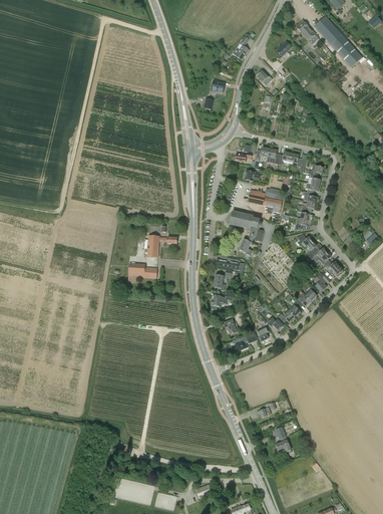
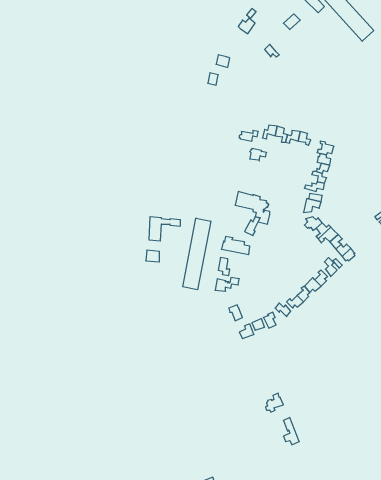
building: [248,190,282,209] -> none
building: none -> [183,218,211,290]

